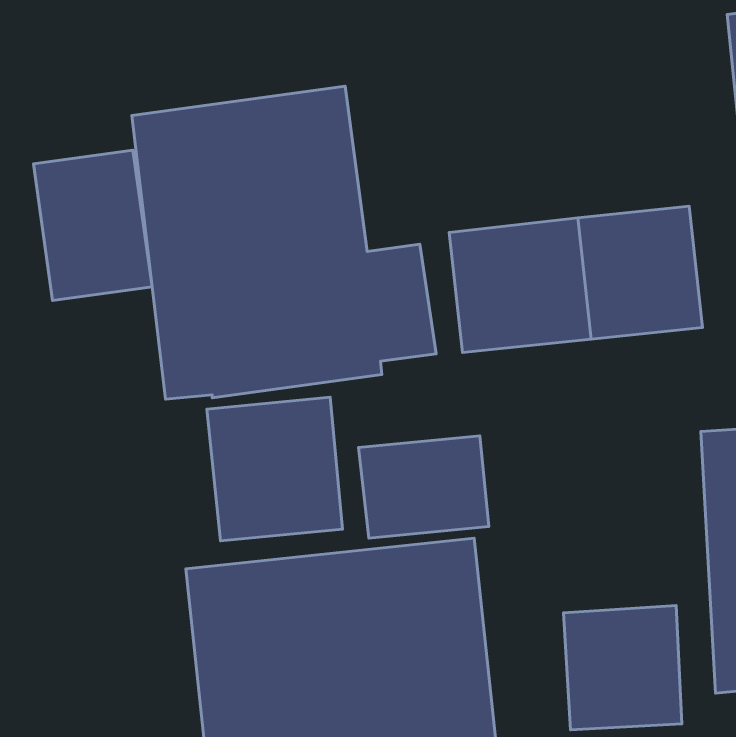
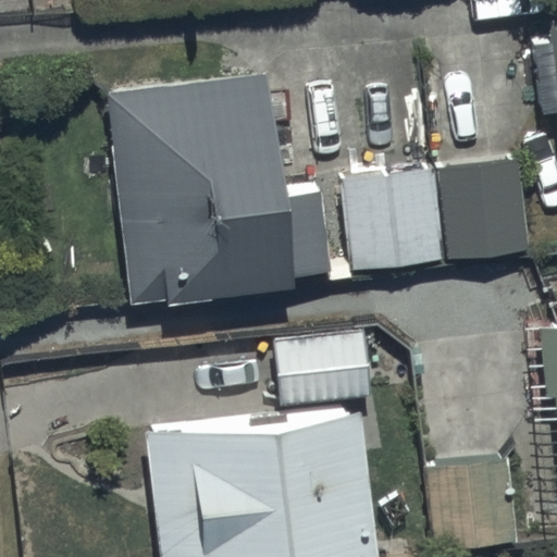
building: [34,150,152,301] -> none
building: [207,397,342,541] -> none

